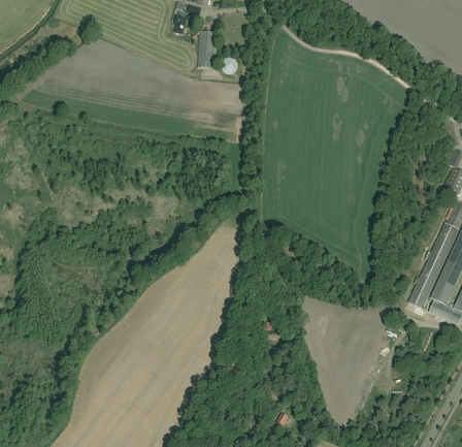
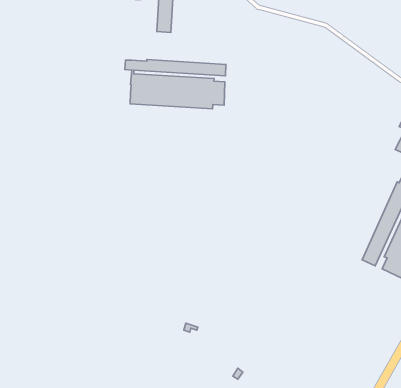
building: none -> [125,59,226,109]

